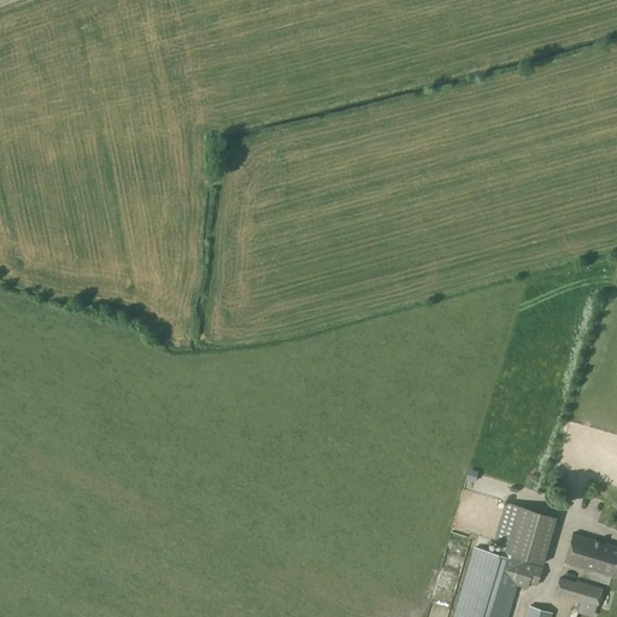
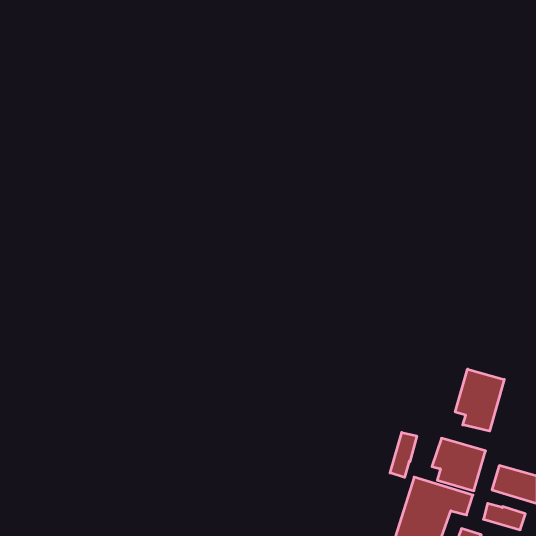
building: none -> [455,369,504,431]
building: none -> [390,432,417,477]

